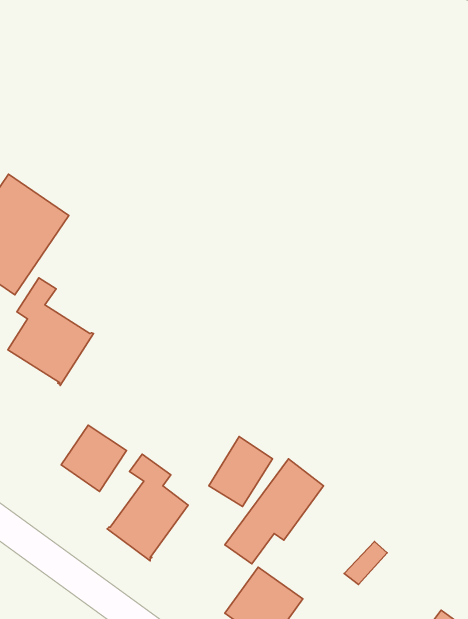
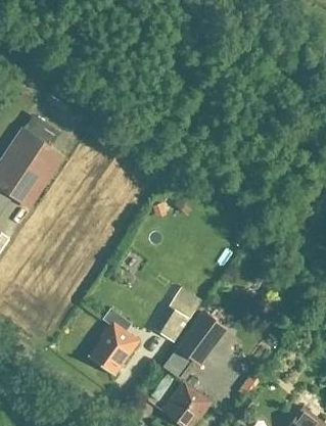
building: [8,278,93,386] -> none
building: [61,425,126,492] -> none

